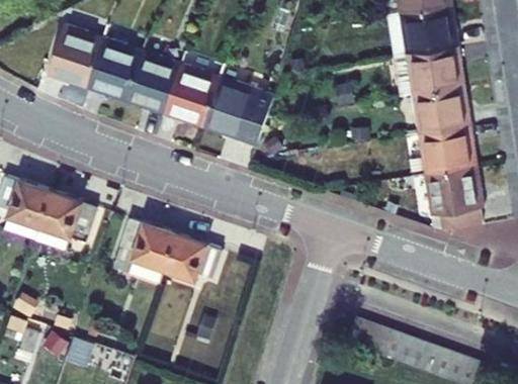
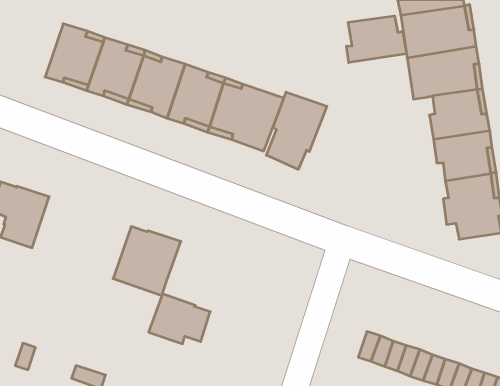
building: none -> [347,16,407,63]
building: none -> [266,92,327,169]
building: [34,189,97,250] -> none
building: [163,231,222,279] -> [149,294,210,344]

